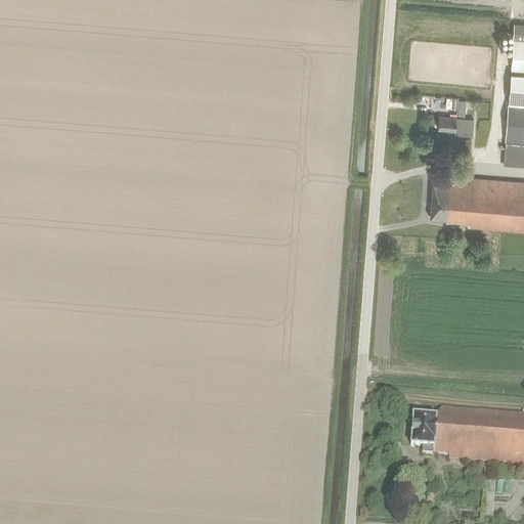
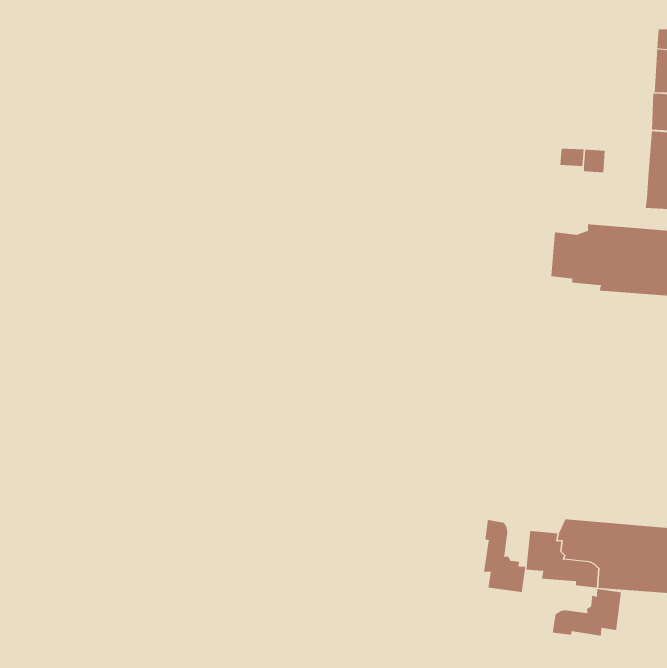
building: none -> [483,519,526,593]
building: none -> [552,588,622,637]

